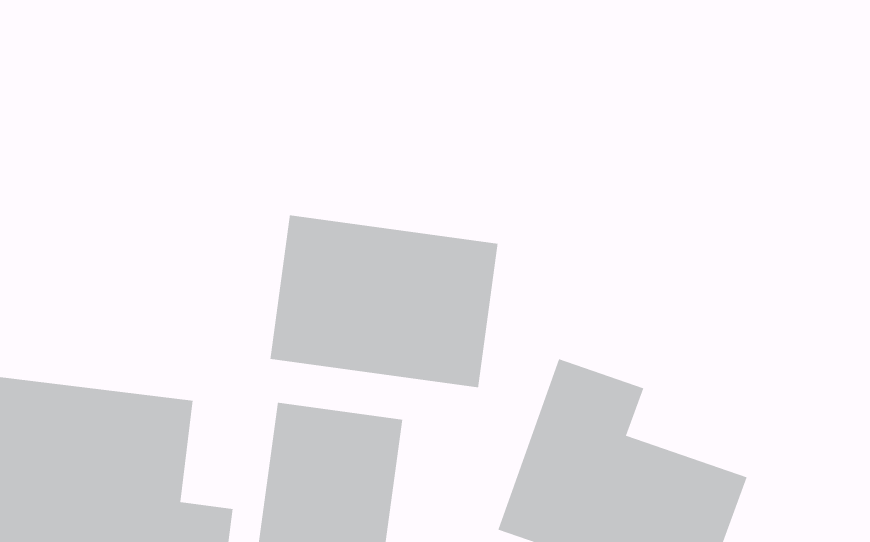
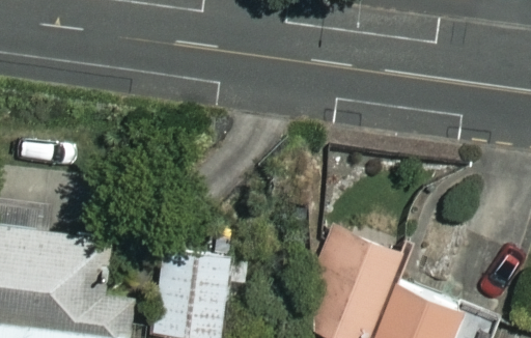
building: [270,215,498,388] -> none

